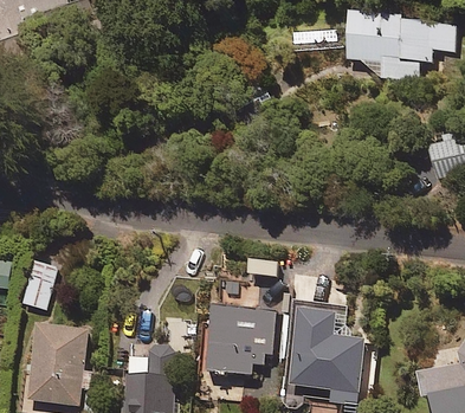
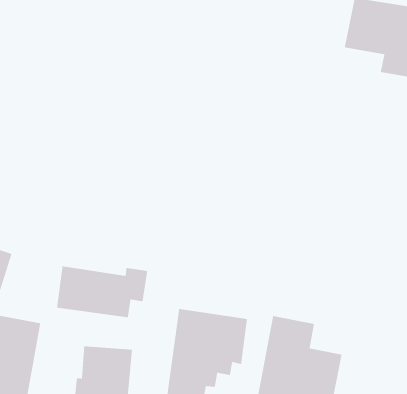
building: none -> [56,265,148,318]

